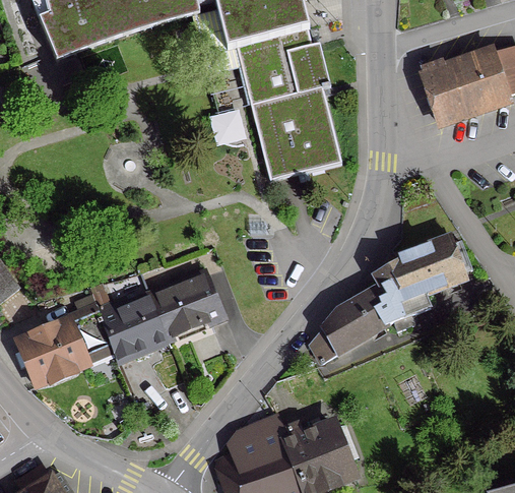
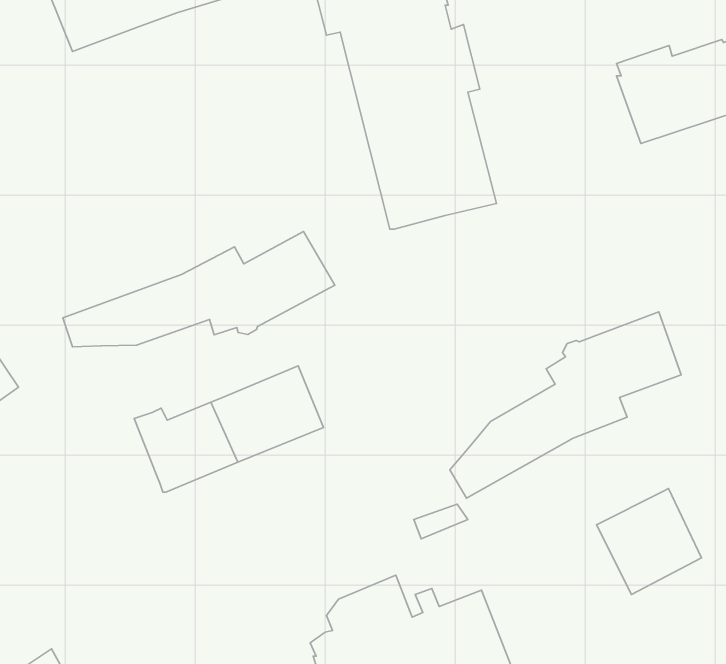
building: none -> [63,232,335,347]
building: [17,306,113,385] -> none
building: none -> [596,489,701,594]

